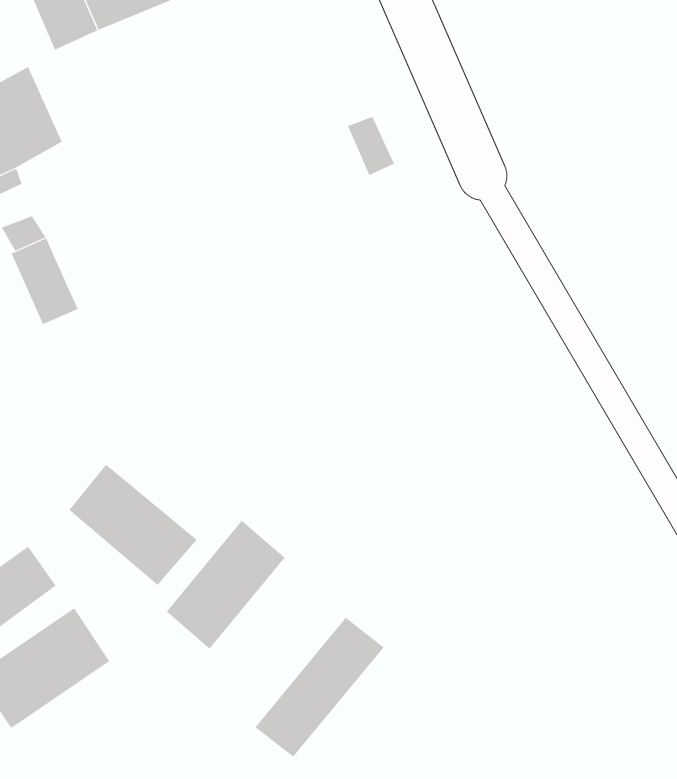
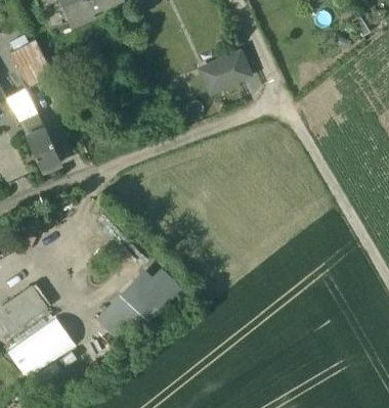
building: none -> [212,51,251,88]
building: [68,464,198,586] -> none
building: [254,617,385,758] -> none

